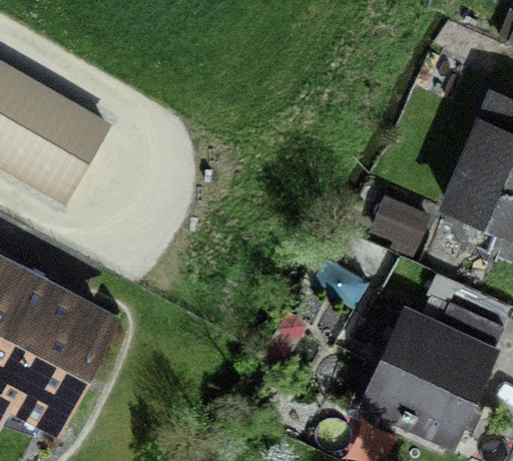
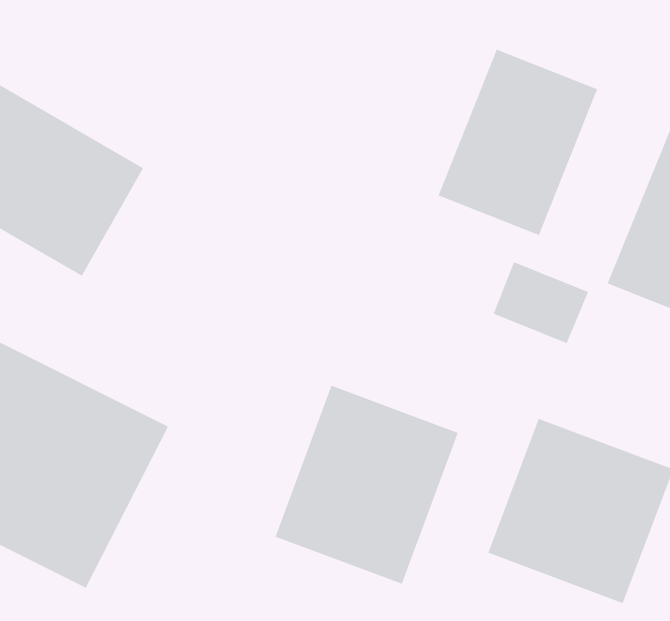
building: none -> [438,49,598,236]
building: none -> [275,385,458,585]

